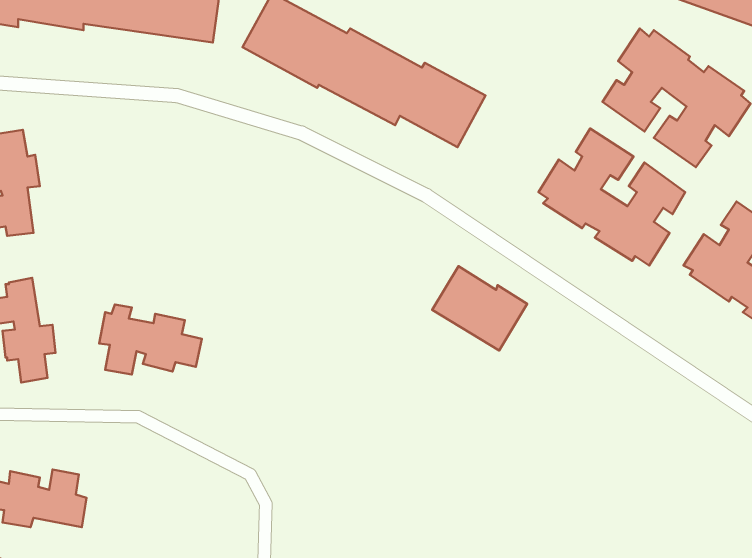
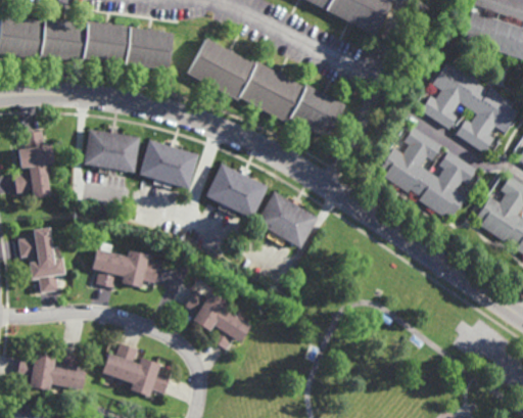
building: none -> [84,129,139,174]
building: none -> [138,140,198,189]
building: none -> [205,165,267,217]
building: [432,266,527,350] -> [256,191,319,246]
building: none -> [187,290,252,349]
building: none -> [102,342,170,396]

